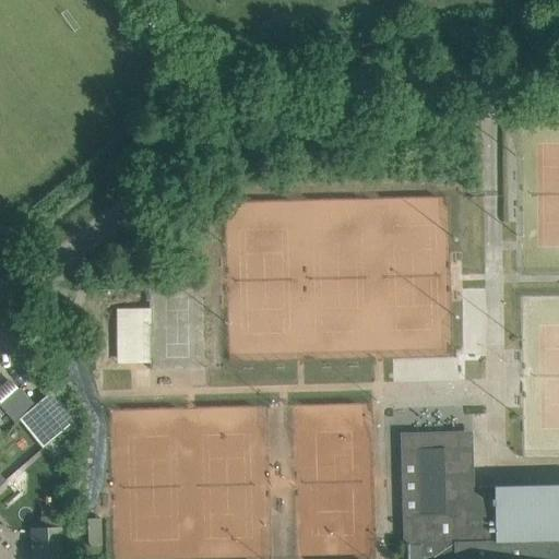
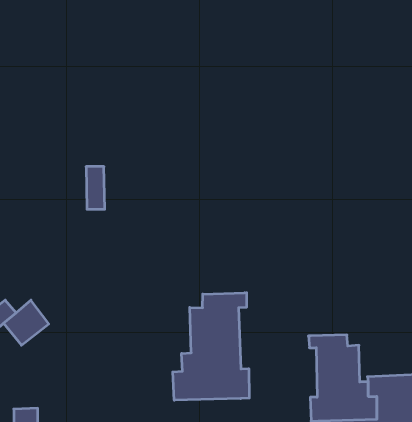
building: [121,308,145,362] -> [86,167,105,209]
building: none -> [173,293,249,400]

